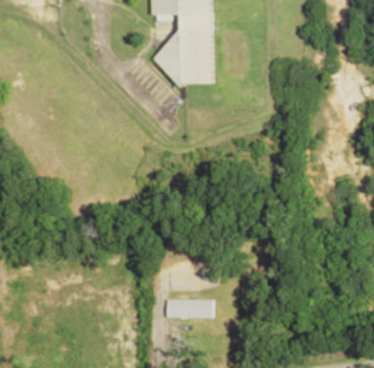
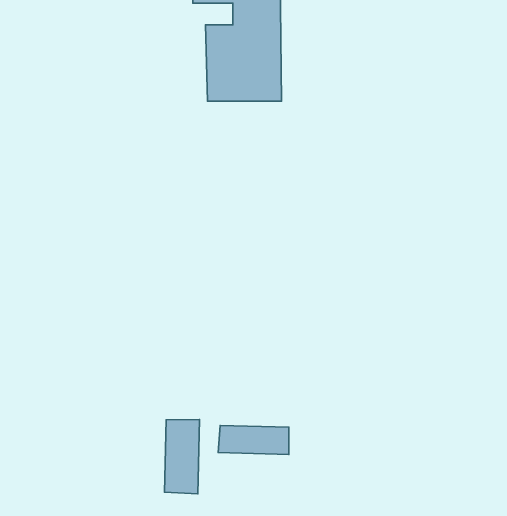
building: none -> [164,419,200,494]

